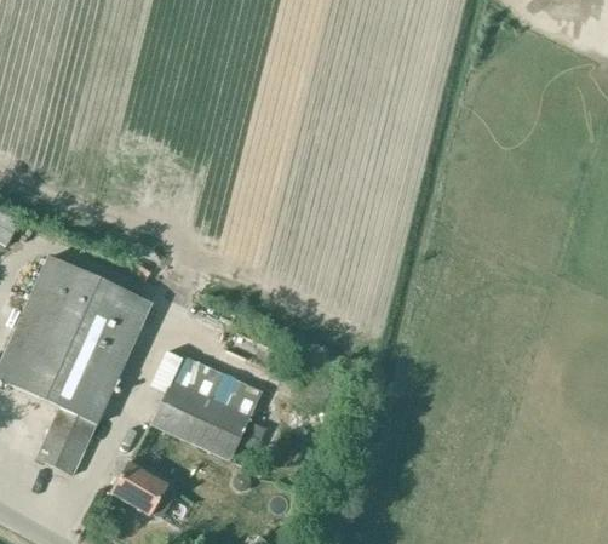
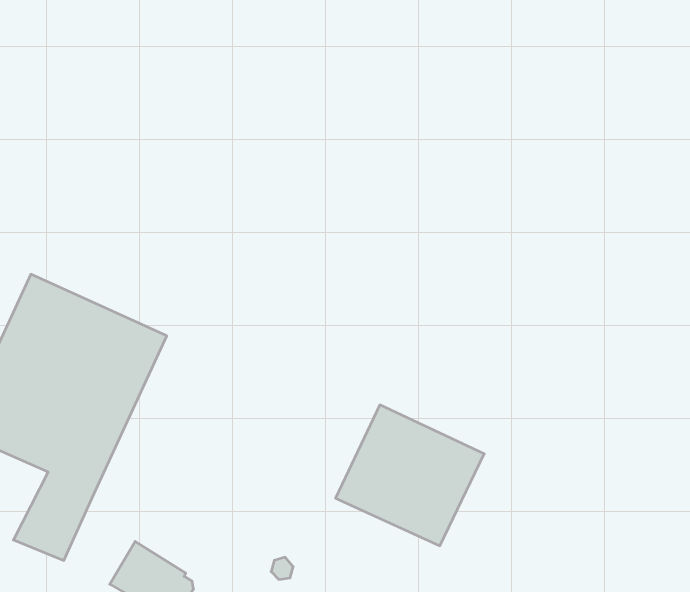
building: [149,353,263,460] -> [336,405,484,546]

